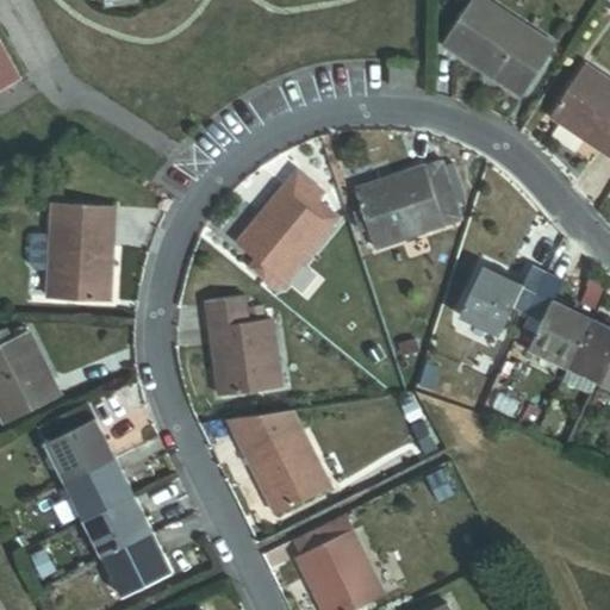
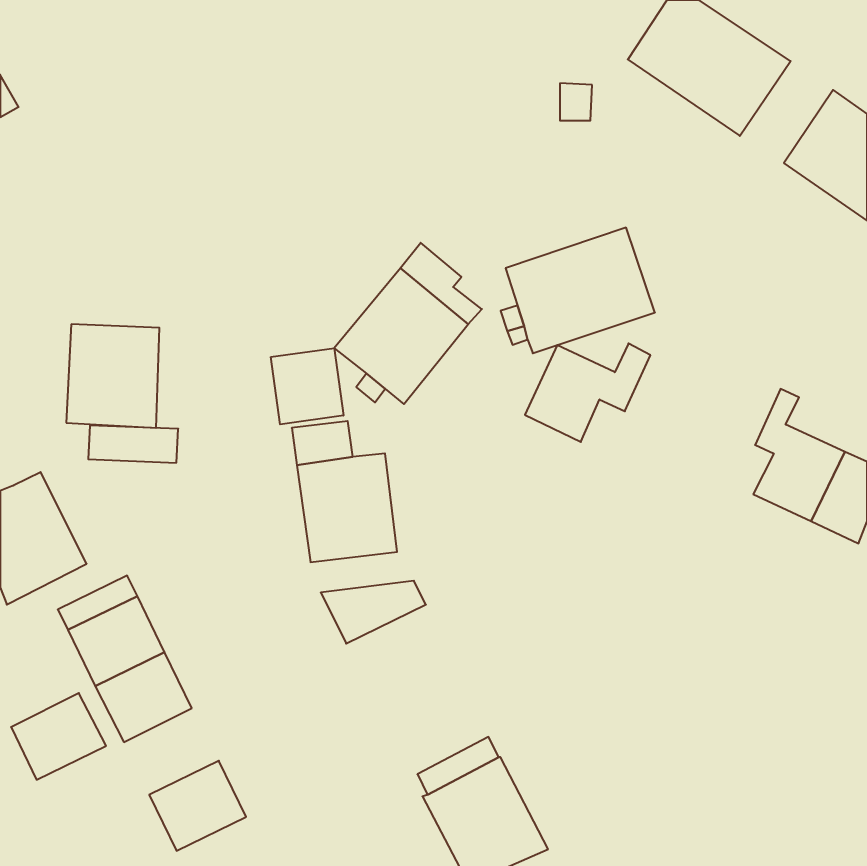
building: [50,205,113,231] -> [88,425,178,463]
building: none -> [271,348,343,424]
building: [460,266,548,335] -> [525,343,650,442]
building: [243,425,330,515] -> none
building: [87,498,154,559] -> [11,693,106,780]

